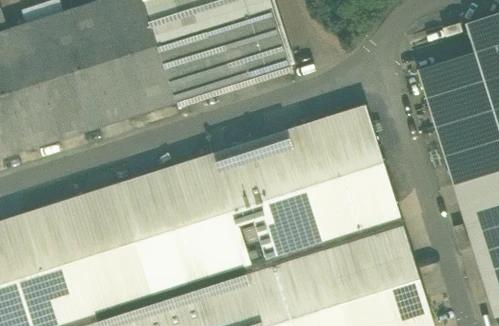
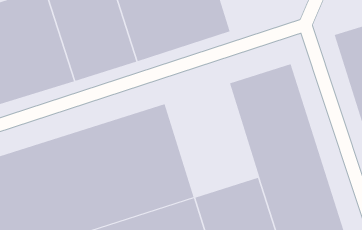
building: [211,129,325,269] -> none

